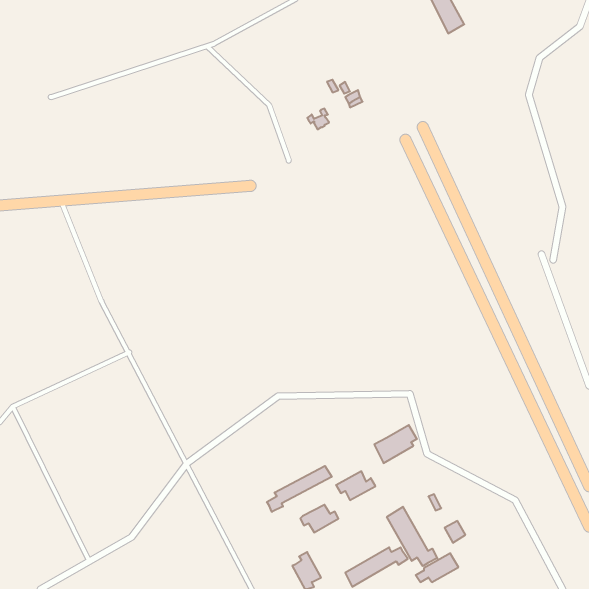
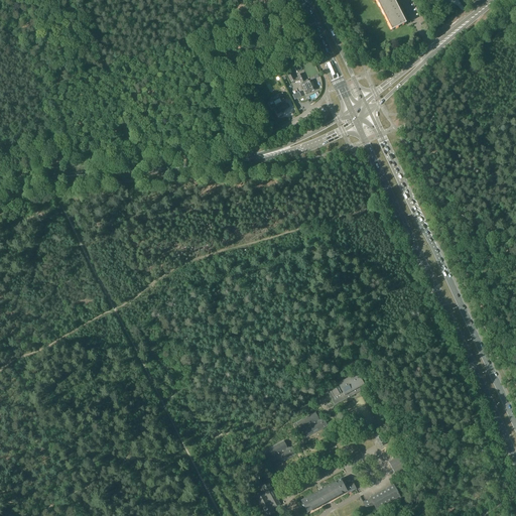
building: [267,466,332,512] -> none
building: [387,507,437,566] -> none

